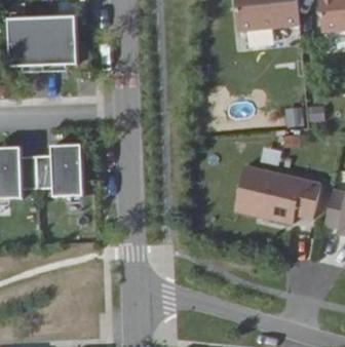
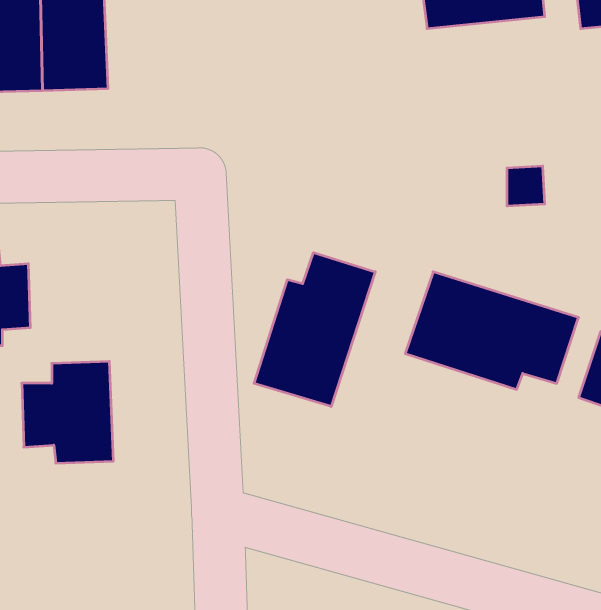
building: [36,145,83,197] -> [22,361,113,463]
building: none -> [254,253,375,407]

